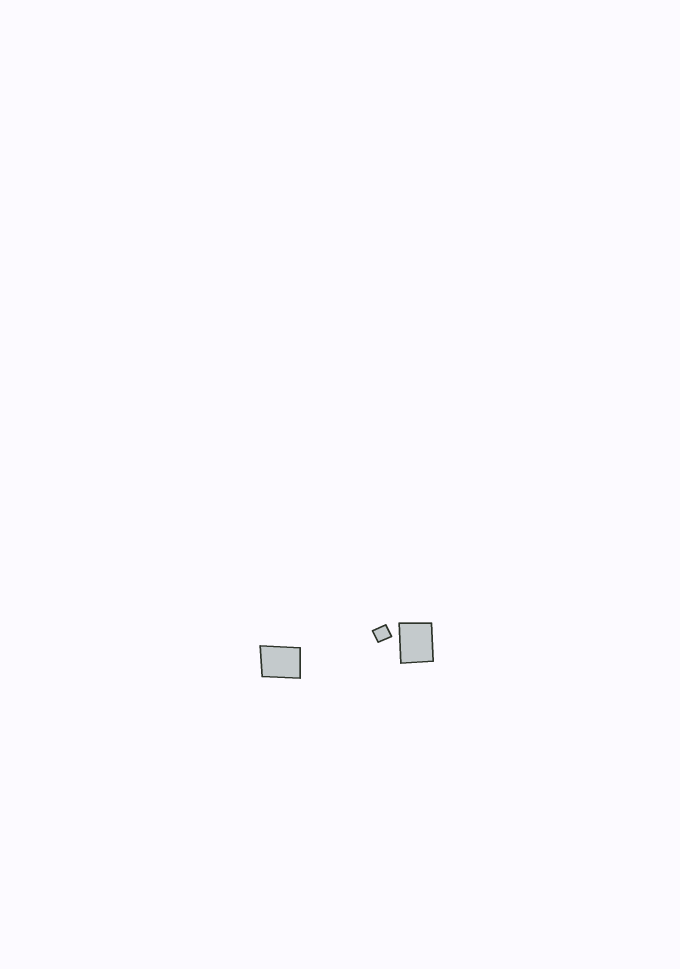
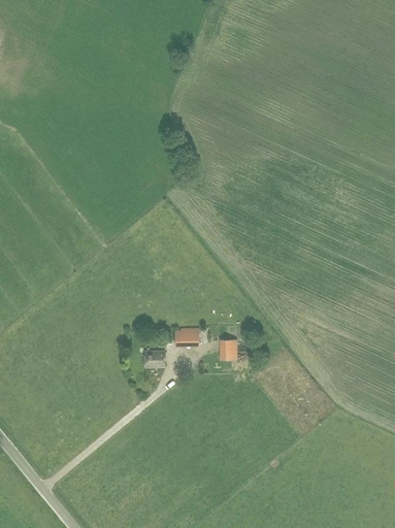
building: none -> [174,327,199,346]

